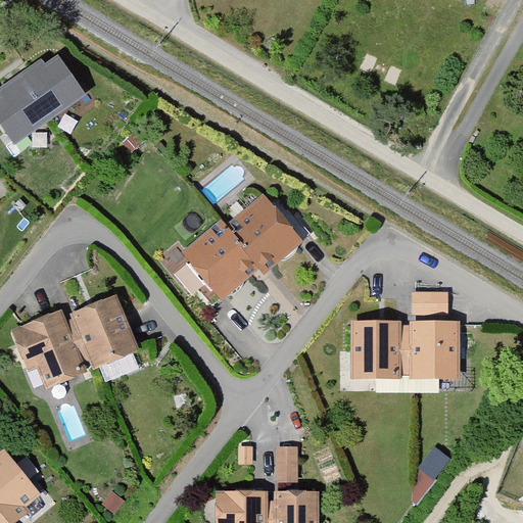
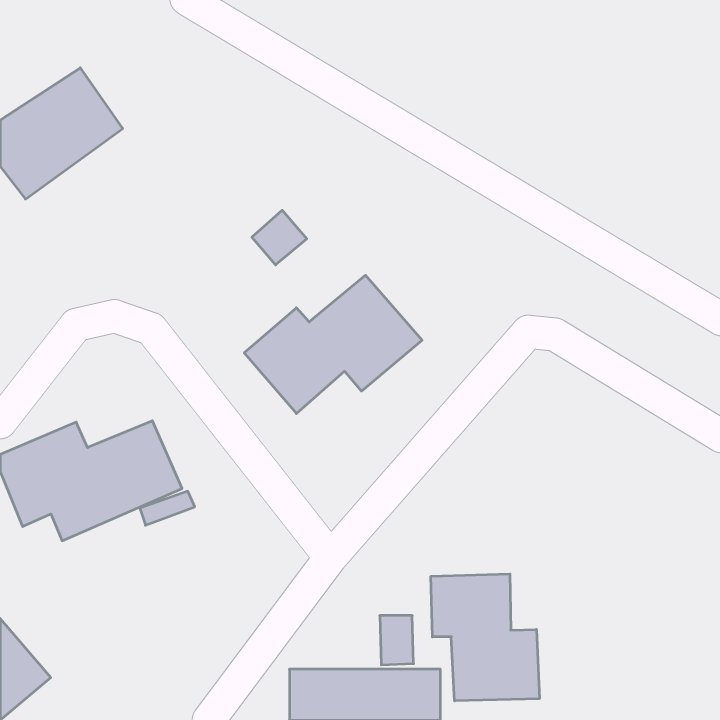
building: none -> [252,210,307,265]
building: [349,292,458,381] -> none
building: none -> [431,574,539,701]

